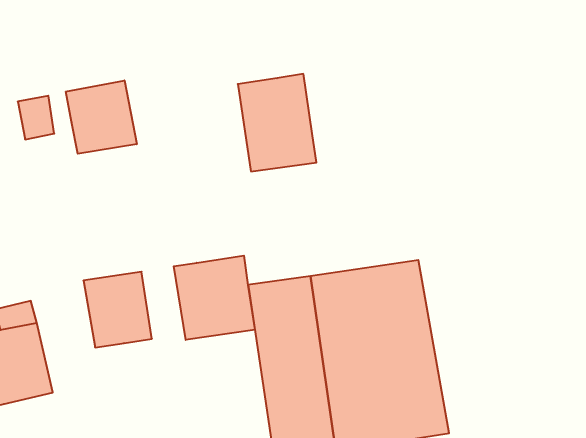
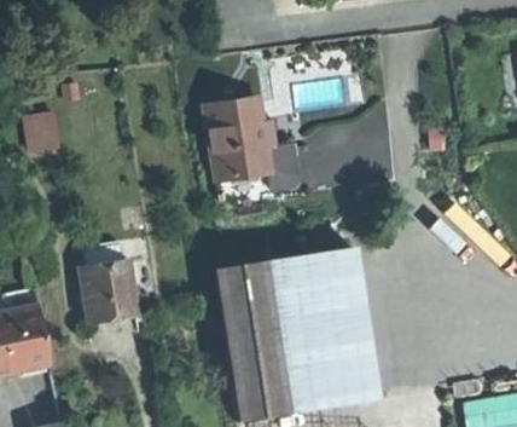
building: [66,80,137,154] -> none
building: none -> [267,143,301,189]
building: [174,256,255,340] -> none

